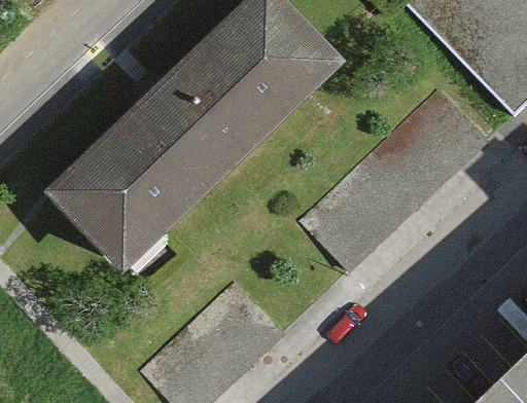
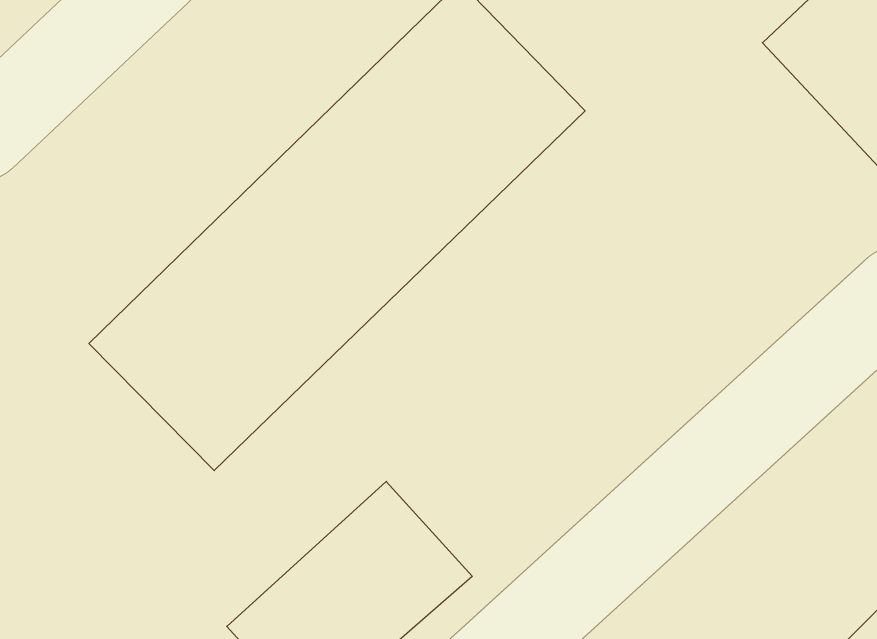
building: [297,87,486,268] -> none

